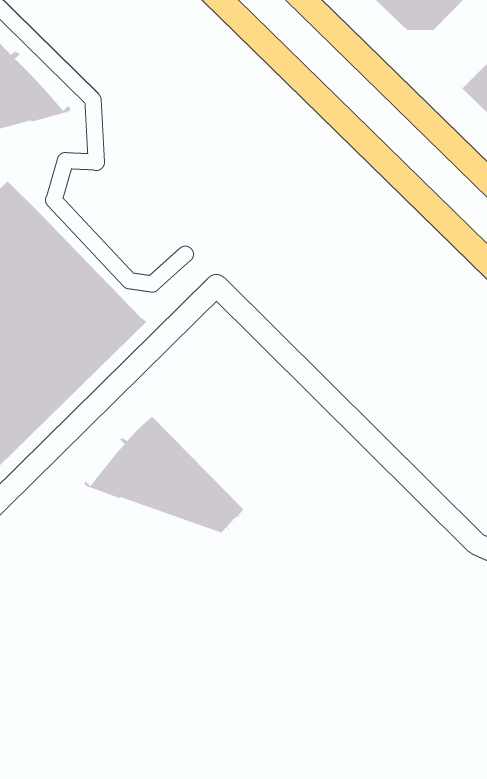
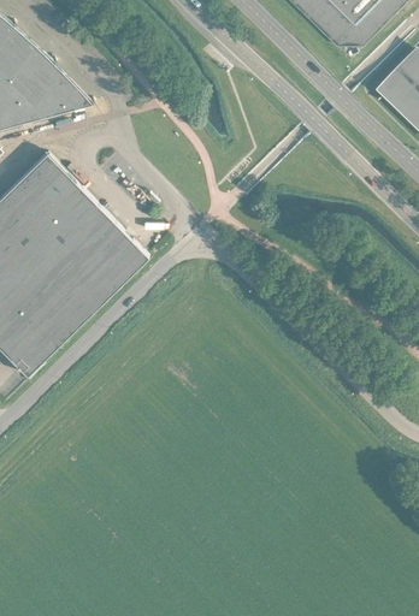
building: [83,416,246,536] -> none

